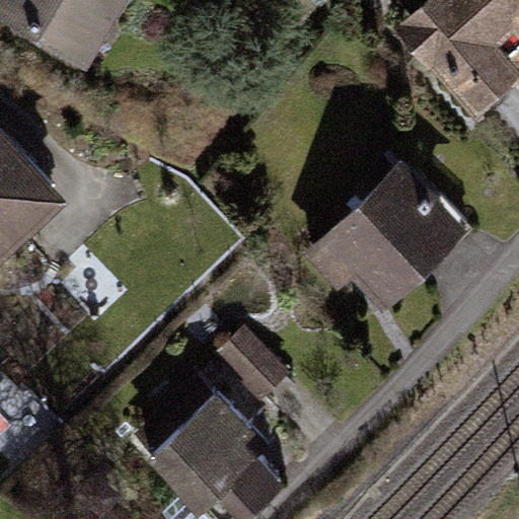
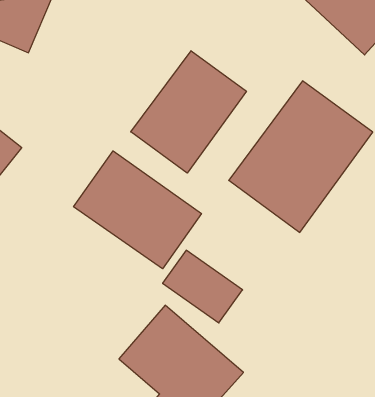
building: none -> [131,51,246,173]
building: none -> [74,151,201,269]

